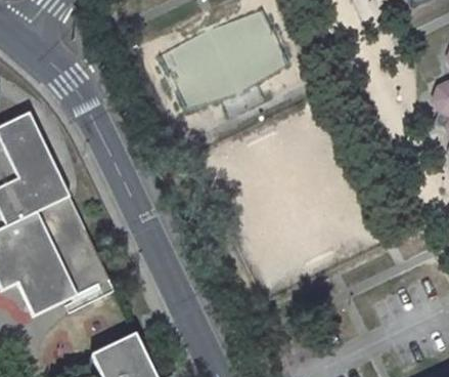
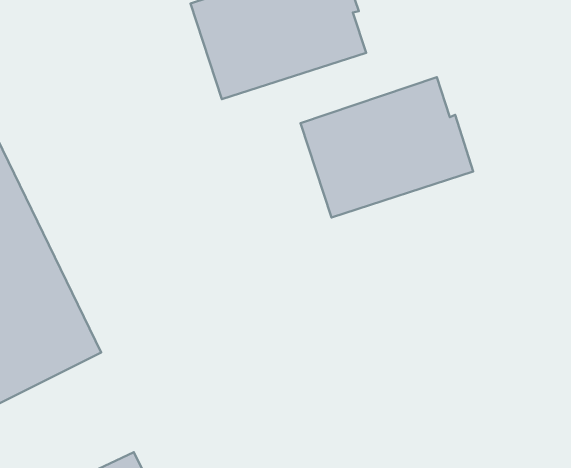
building: none -> [301,77,473,218]

